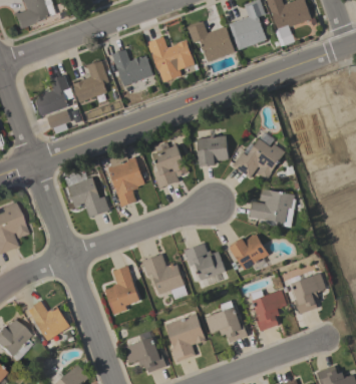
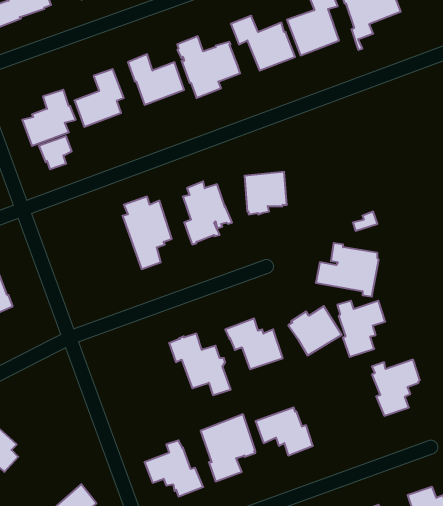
building: [233,138,286,180] -> none
building: [67,176,110,218] -> none
building: [105,266,139,315] -> none
building: [252,290,287,331] -> [337,301,385,357]
building: [26,301,70,345] -> none

